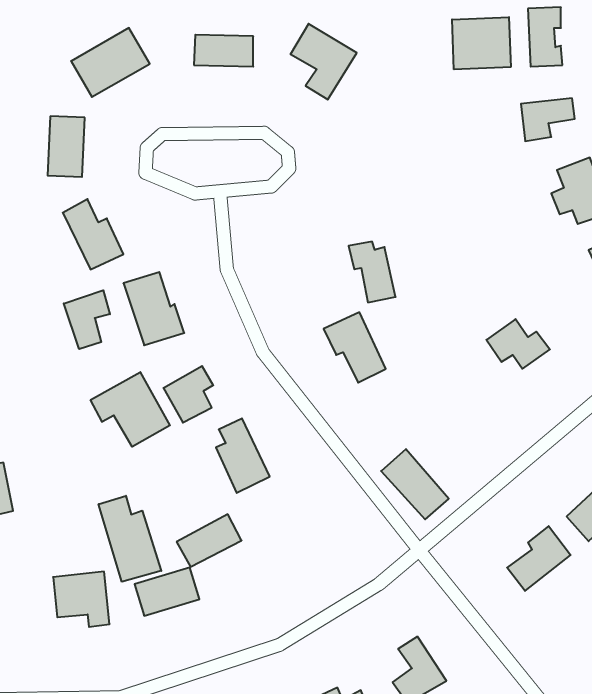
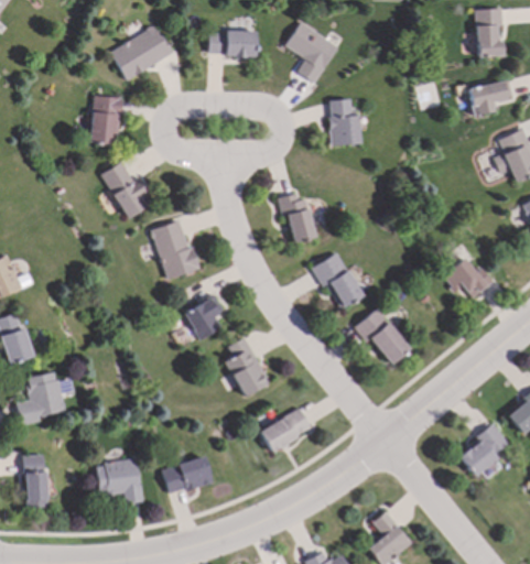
building: [452,17,511,69] -> none
building: none -> [329,99,359,145]
building: [349,242,396,302] -> [278,194,315,242]
building: [64,290,110,349] -> none
building: [91,372,170,447] -> none
building: [381,449,449,519] -> [356,308,410,365]
building: [99,496,161,582] -> none
building: [177,514,242,567] -> [259,409,311,451]

